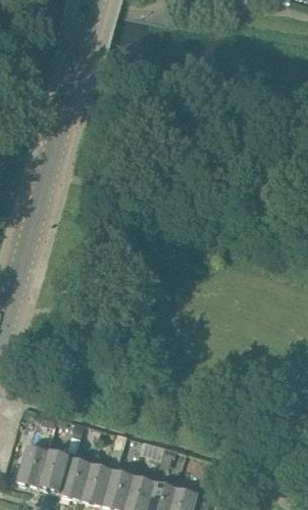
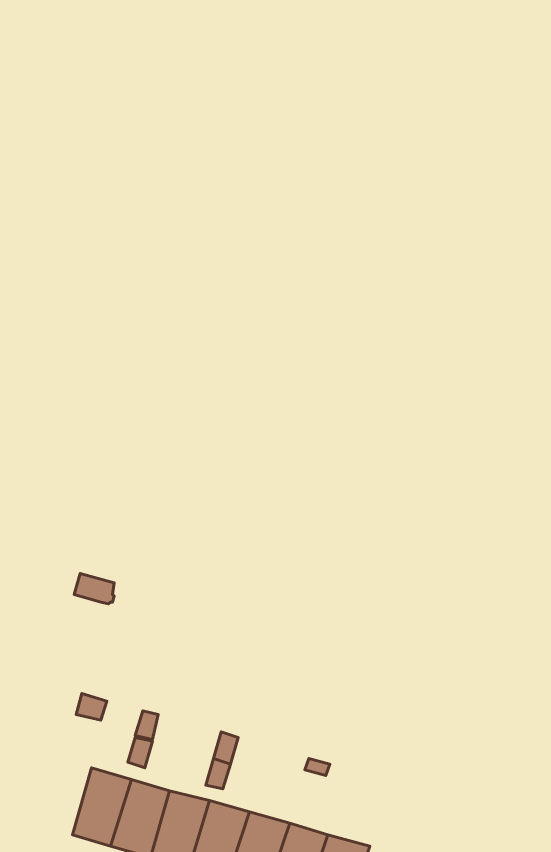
building: [27,447,59,489] -> none

